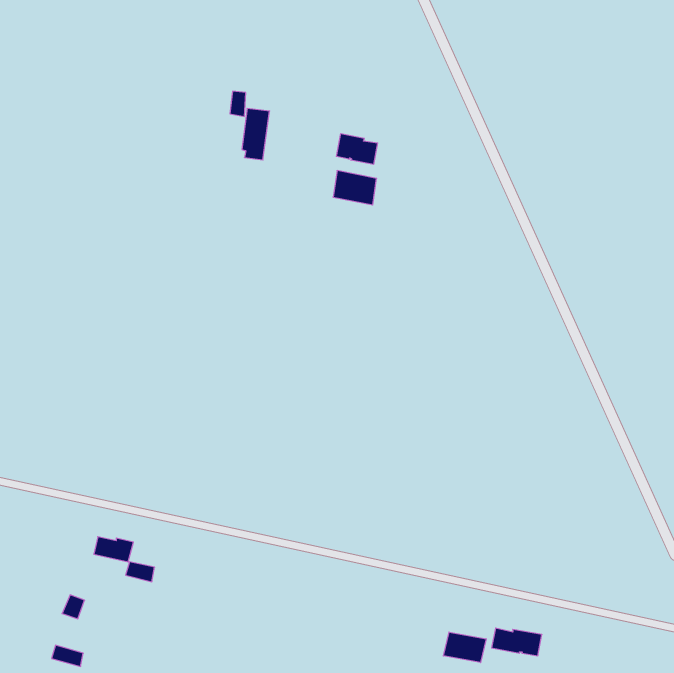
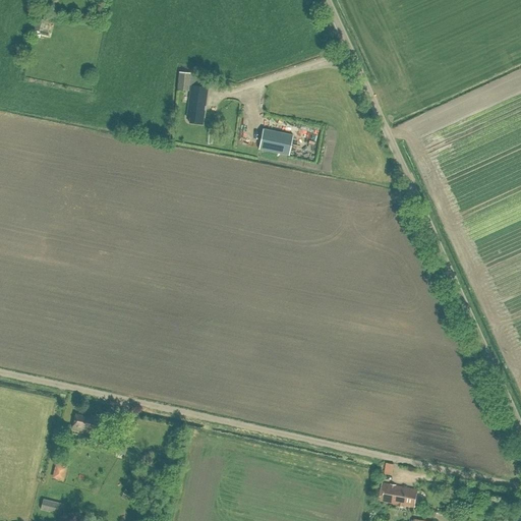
building: [336,134,378,164] -> none
building: [443,632,486,663] -> none

